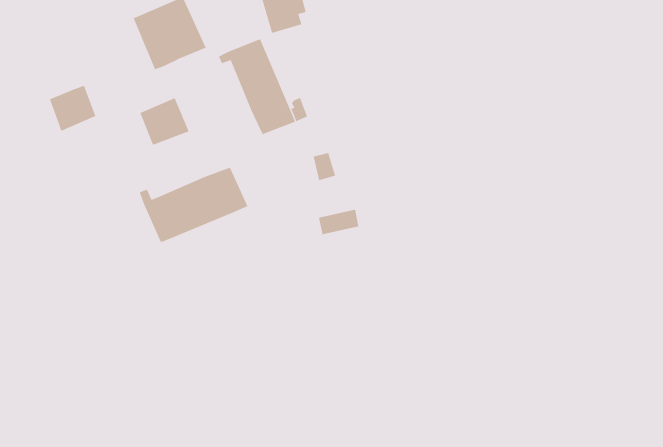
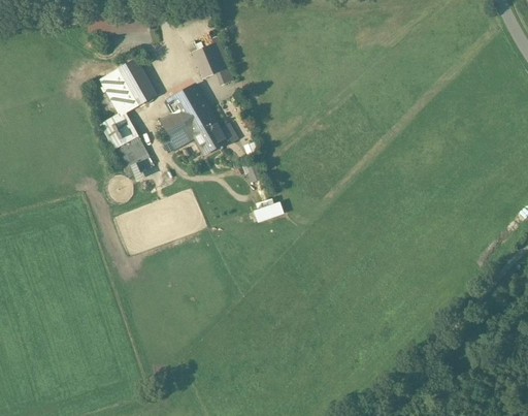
building: none -> [160,109,194,148]
building: [49,85,96,131] -> [101,113,137,149]
building: [139,167,248,243] -> none

